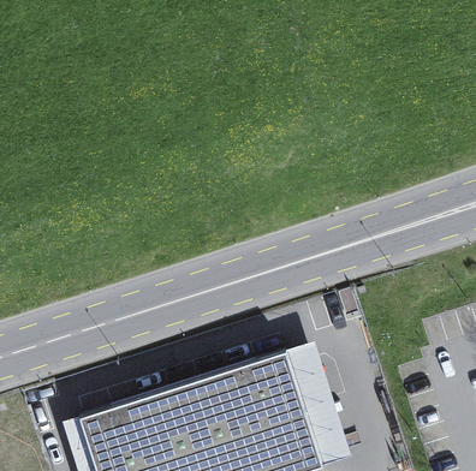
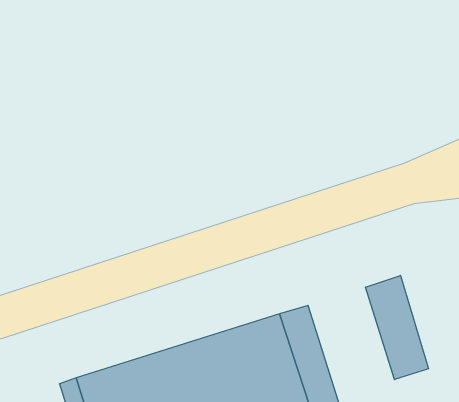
building: none -> [365,275,428,380]

